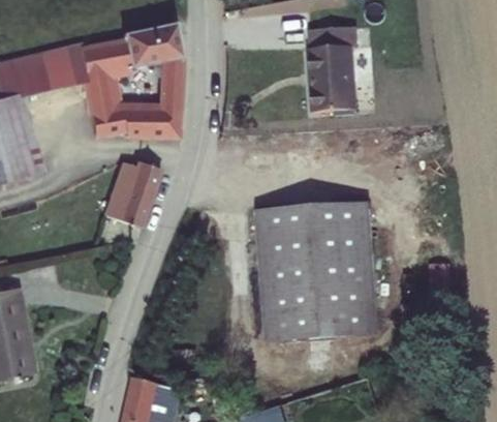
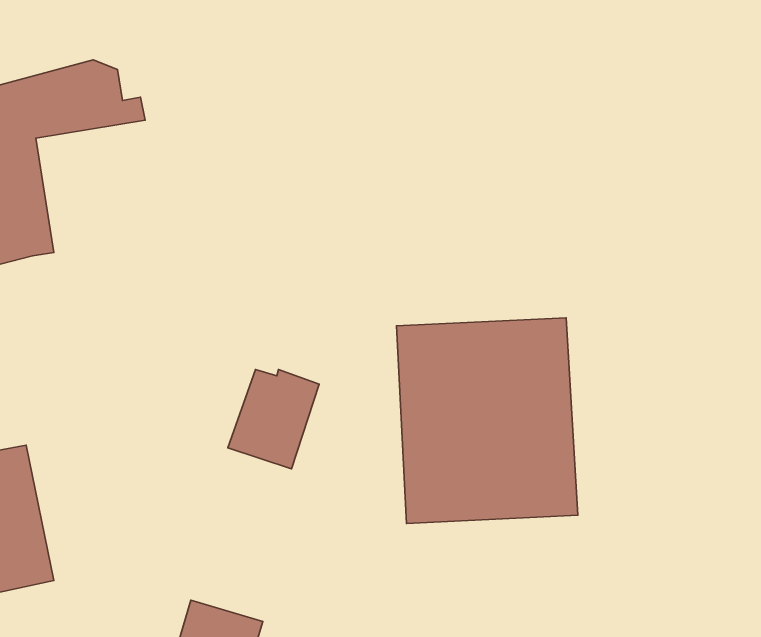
building: [81,25,181,138] -> none
building: [309,27,360,111] -> none
building: [103,164,161,228] -> [228,369,319,469]

